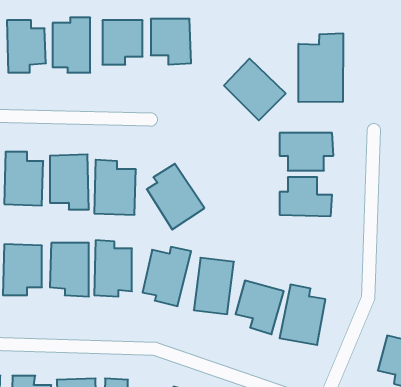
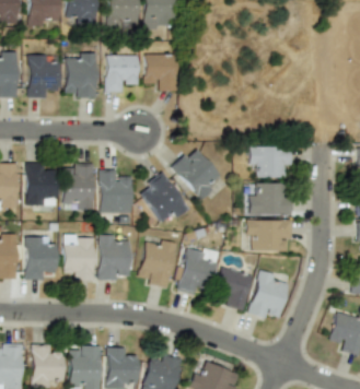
building: [299,33,343,102] -> none
building: [224,59,286,120] -> [173,148,223,198]
building: none -> [247,219,291,251]

